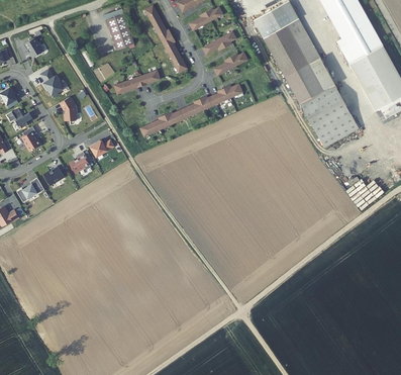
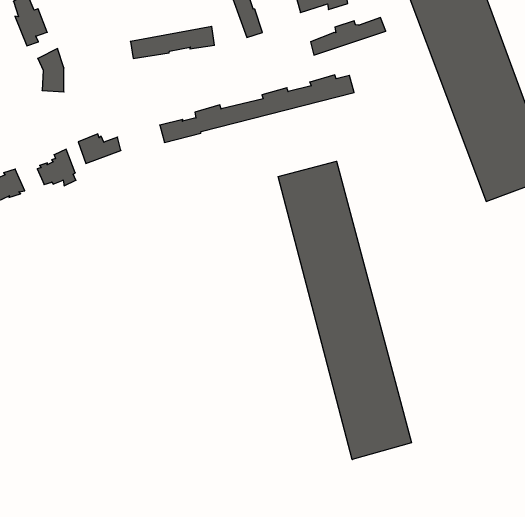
building: none -> [278,161,412,460]

